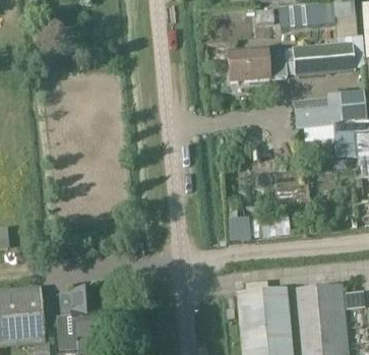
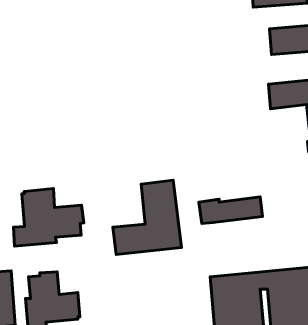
building: [229,47,287,79] -> none
building: none -> [113,180,182,255]
building: none -> [13,189,84,246]

